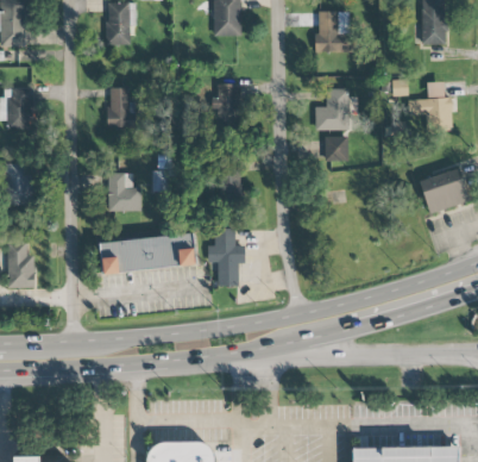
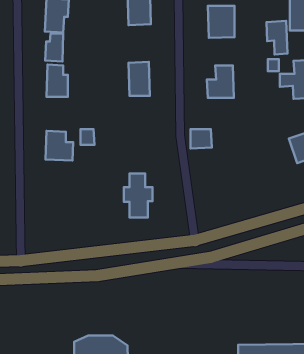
building: none -> [267,21,287,54]
building: none -> [45,34,63,61]
building: [321,136,348,161] -> [191,129,212,149]
building: [99,233,195,273] -> none

